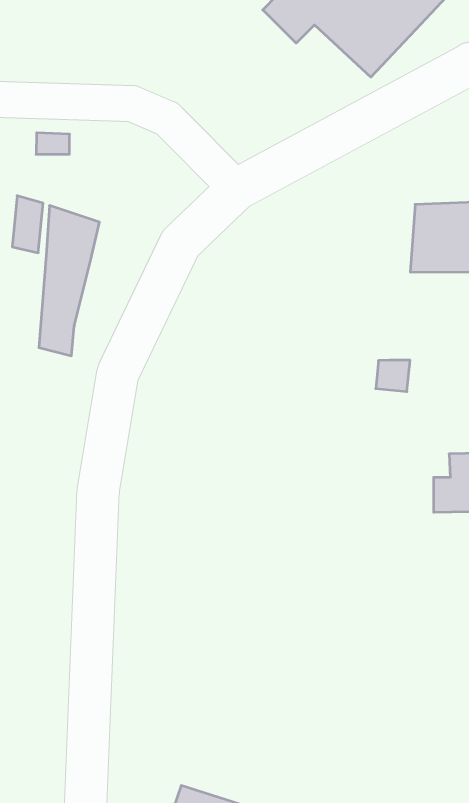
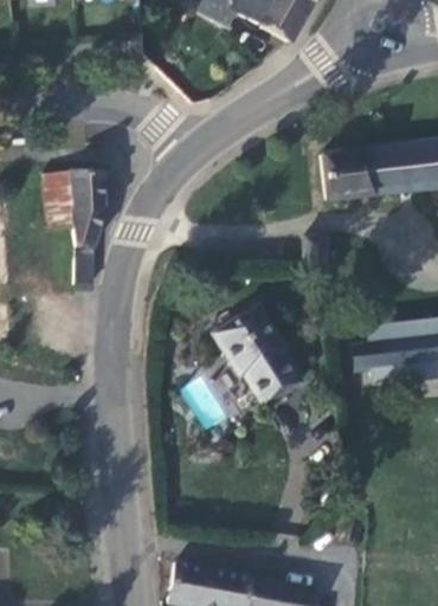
building: none -> [212,303,301,400]

